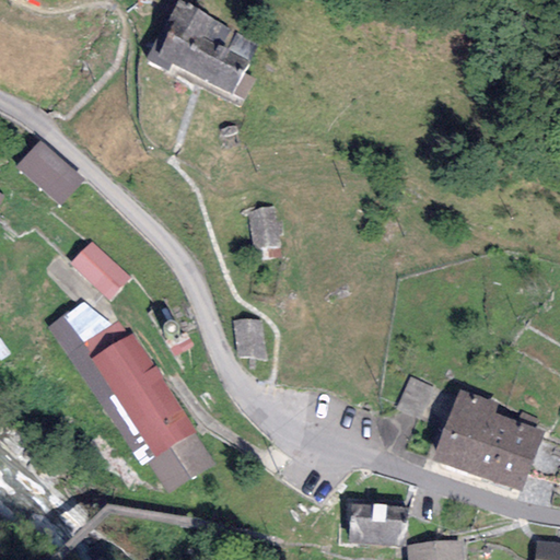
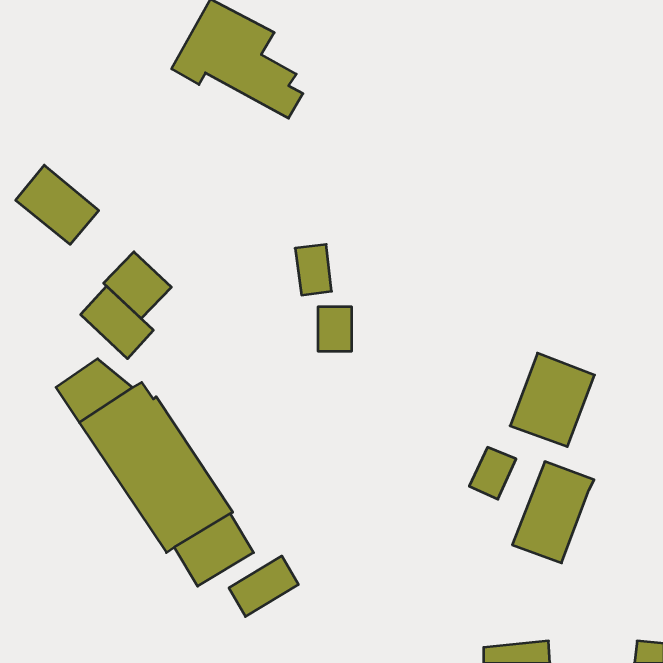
building: none -> [104,252,171,319]
building: [235,319,264,357] -> [318,307,352,351]
building: [474,412,545,491] -> [510,353,595,447]
building: none -> [229,556,298,617]
building: [348,502,408,546] -> none

